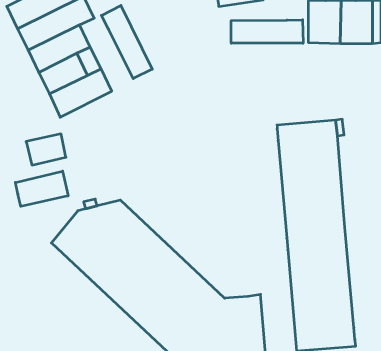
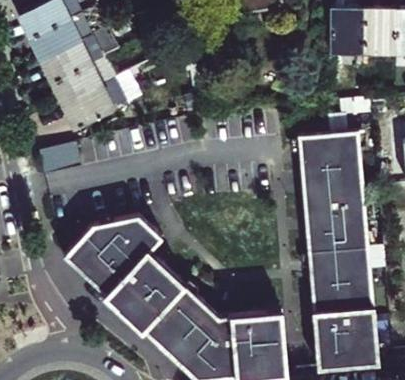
building: [101,5,152,79] -> none
building: [231,20,303,43] -> none
building: [15,171,68,206] -> none

